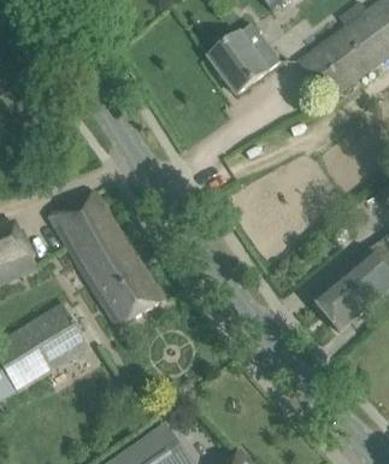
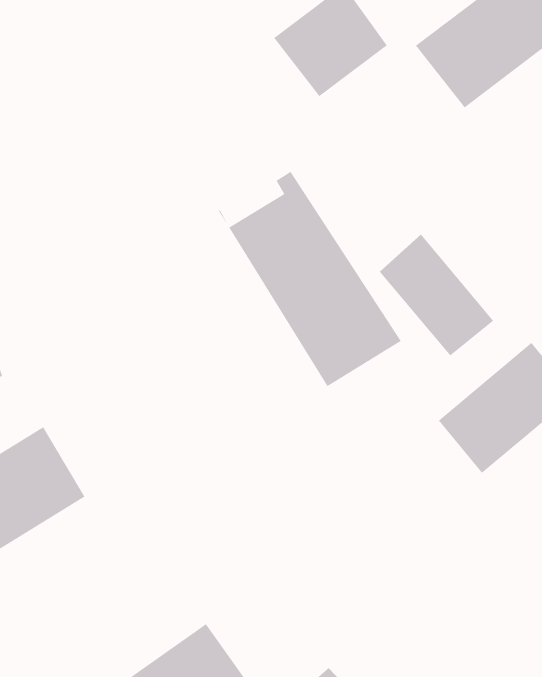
building: none -> [379,233,494,356]
building: [49,190,165,327] -> [218,171,402,387]

